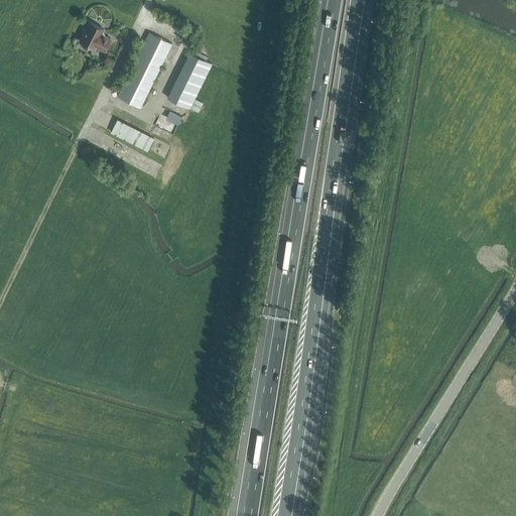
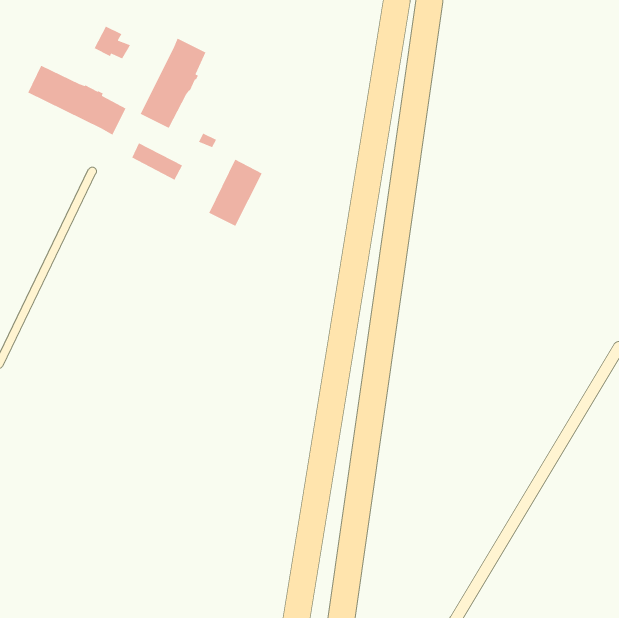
building: [166,53,212,110] -> [208,159,263,227]
building: none -> [27,65,127,136]

